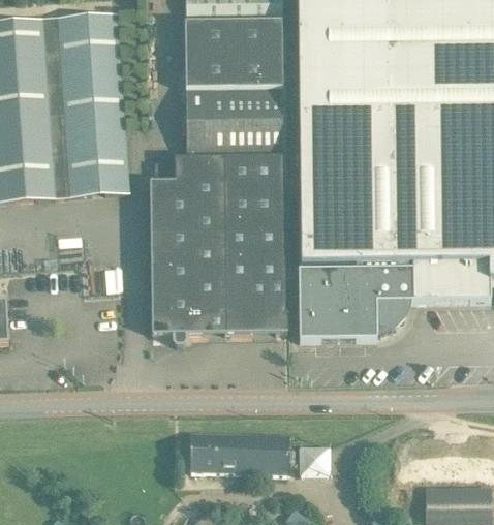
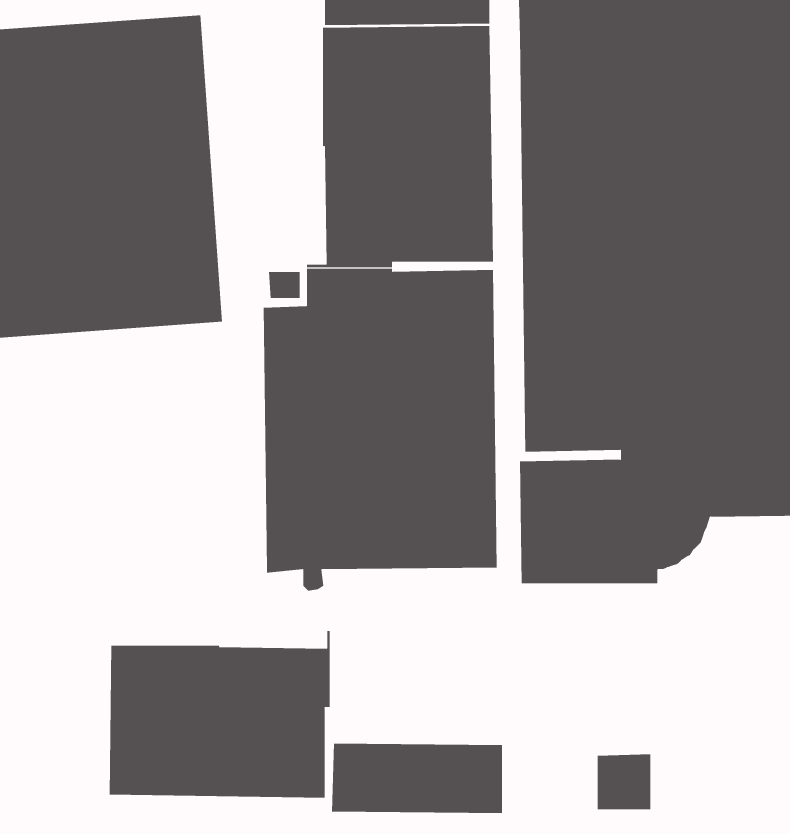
building: none -> [109,630,330,799]
building: [299,444,330,476] -> [597,754,651,810]

